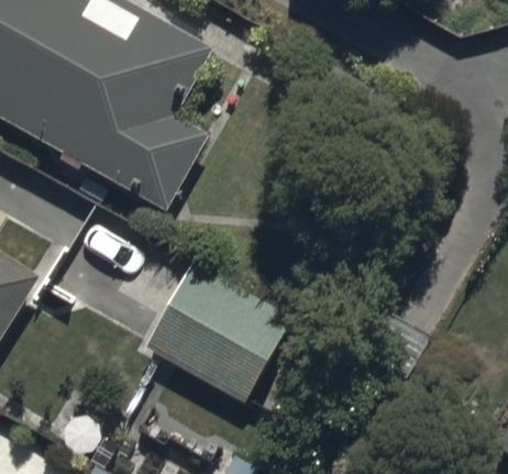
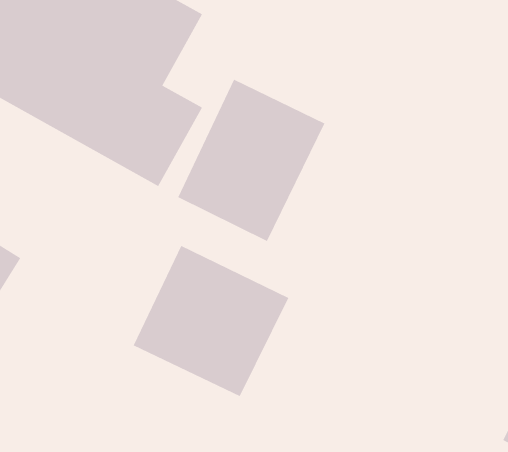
building: none -> [177,79,325,242]

